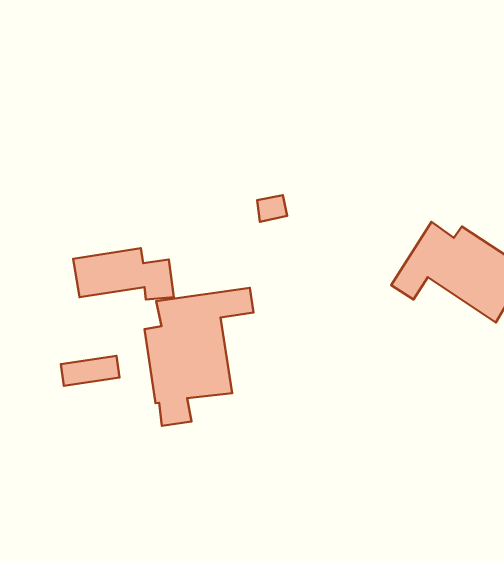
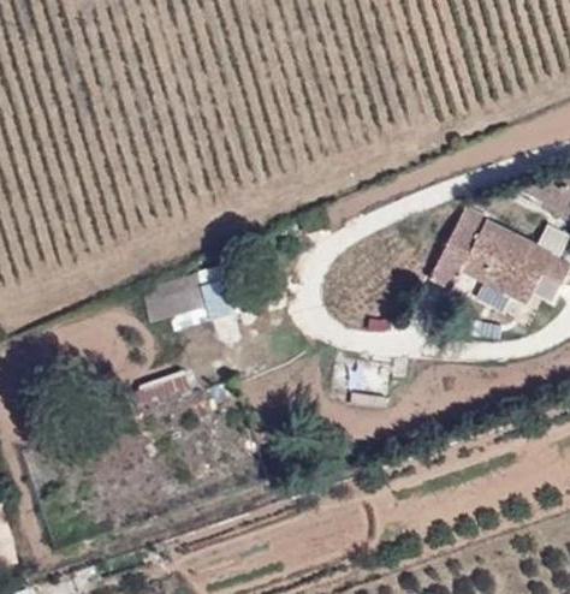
building: [145,288,253,426] -> none

